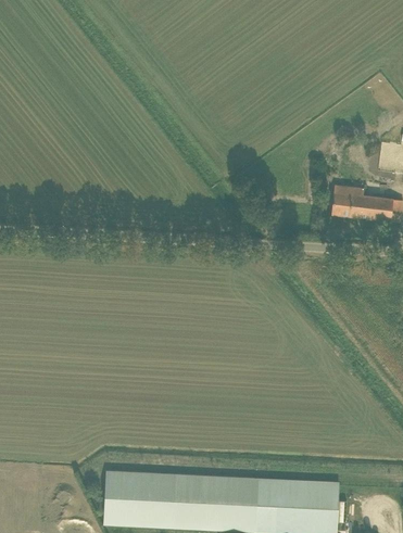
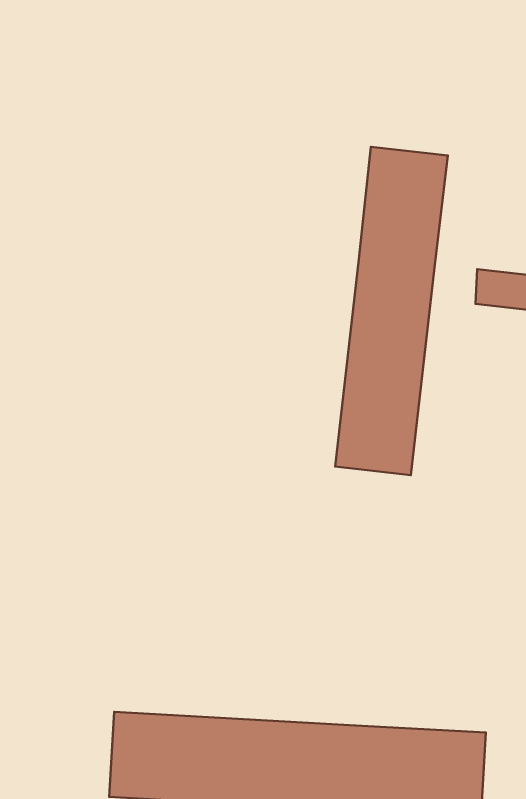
building: none -> [335,147,448,475]

